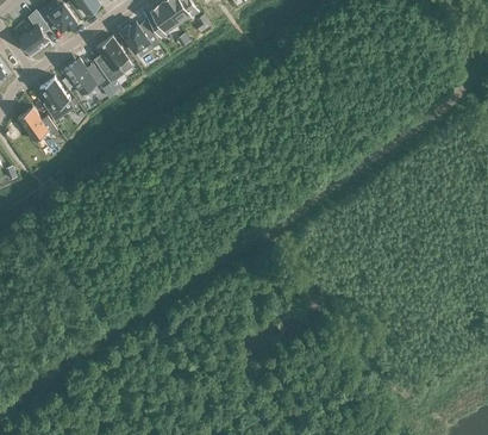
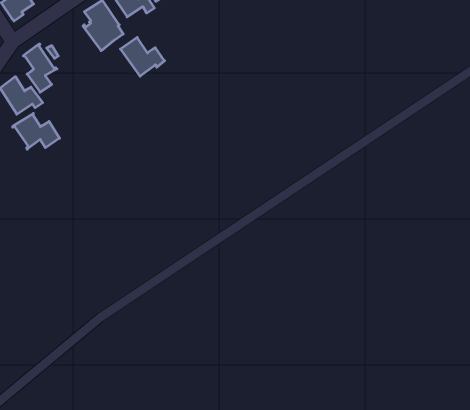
building: [63,58,104,94] -> [120,37,165,76]
building: none -> [13,113,60,149]

